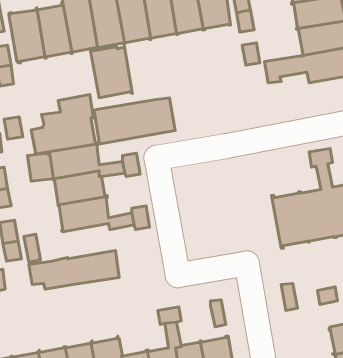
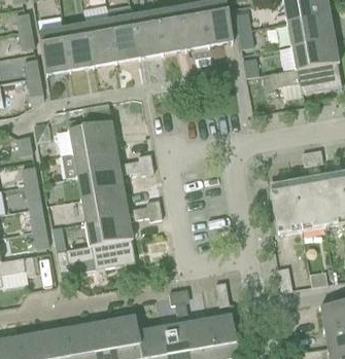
building: [90,47,133,98] -> none
building: [92,98,175,144] -> none
building: none -> [85,216,133,247]

